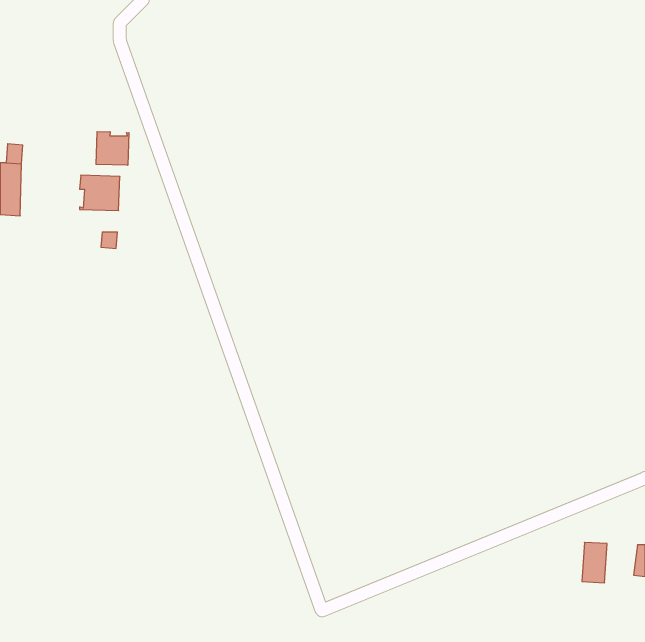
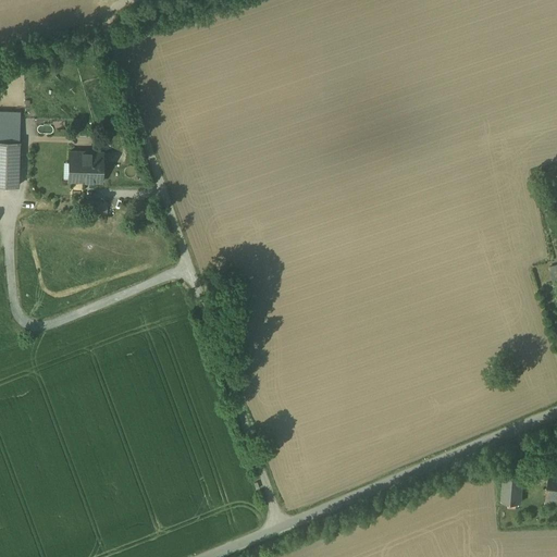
building: [96,132,129,165] -> none

